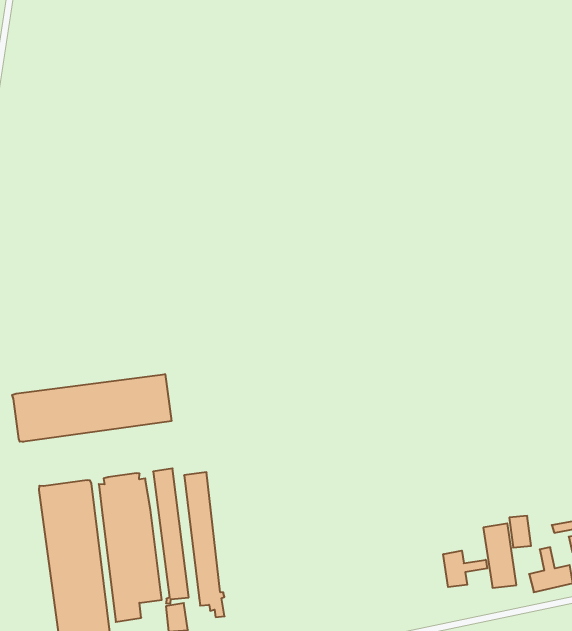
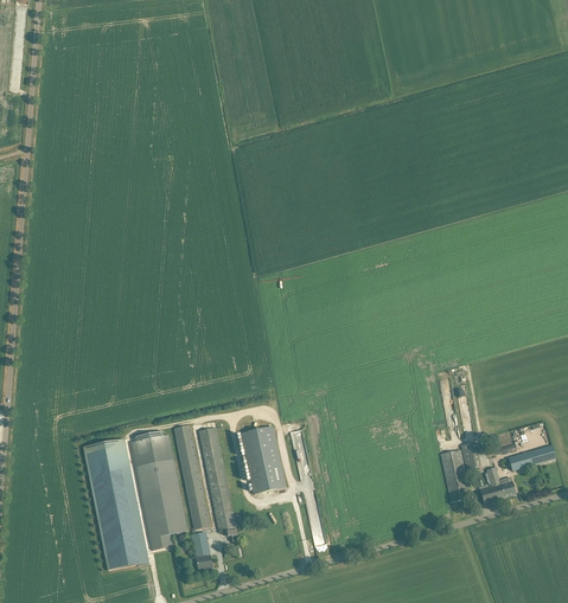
building: [12,374,171,442] -> none
building: none -> [240,425,286,493]
building: [443,551,487,587] -> none

